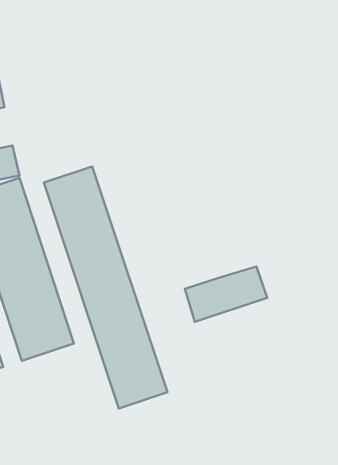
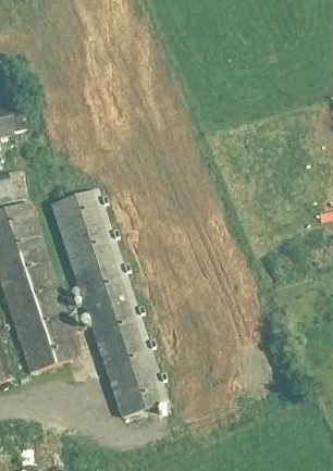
building: [185,266,267,322] -> none

